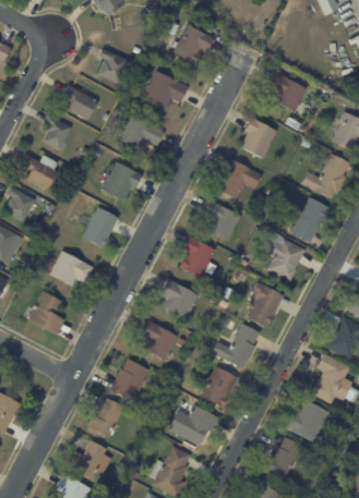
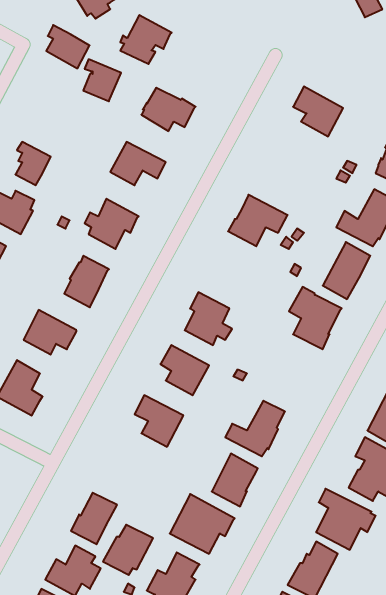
building: [172,24,214,63] -> [120,15,172,64]
building: [62,85,97,120] -> [46,25,90,68]
building: [240,117,277,159] -> none
building: [201,199,241,241] -> none
building: [246,282,284,328] -> none
building: [109,360,149,400] -> [103,525,153,575]

